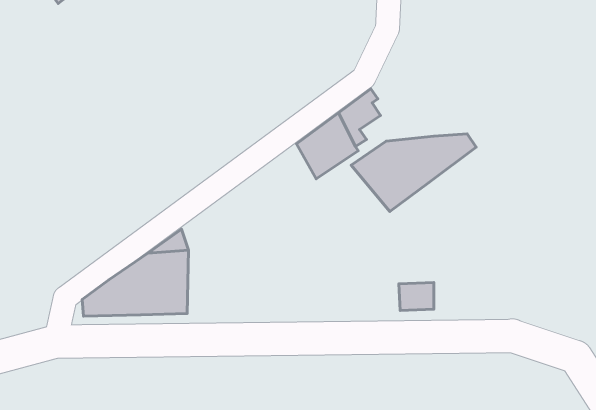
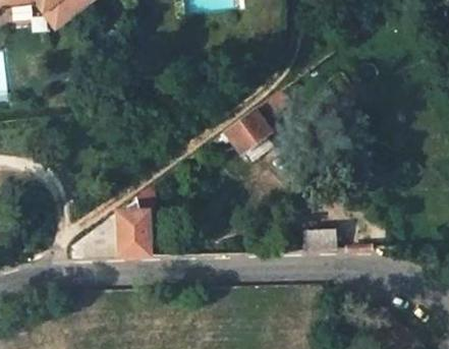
building: [351,134,476,211] -> none

